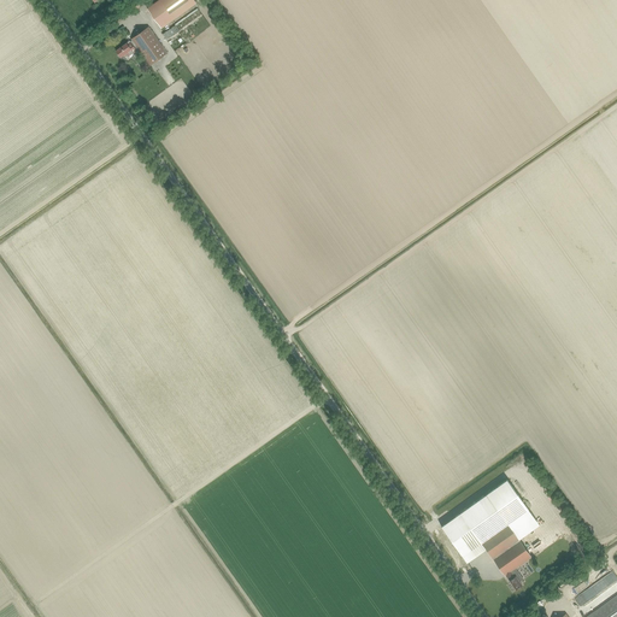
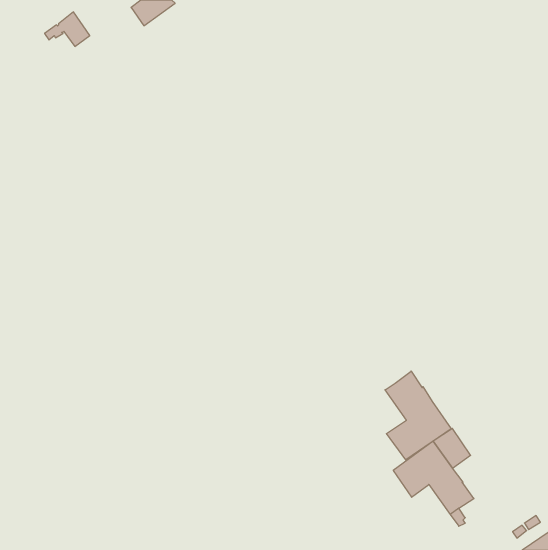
building: [117,27,168,65] -> [45,12,90,46]
building: none -> [385,371,451,460]

